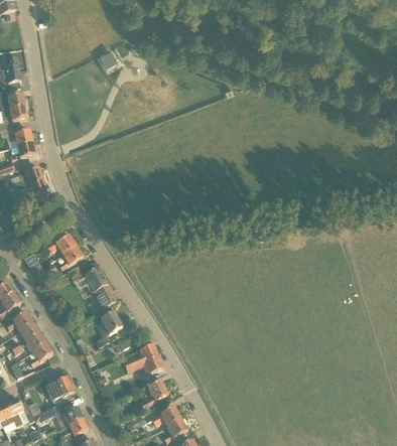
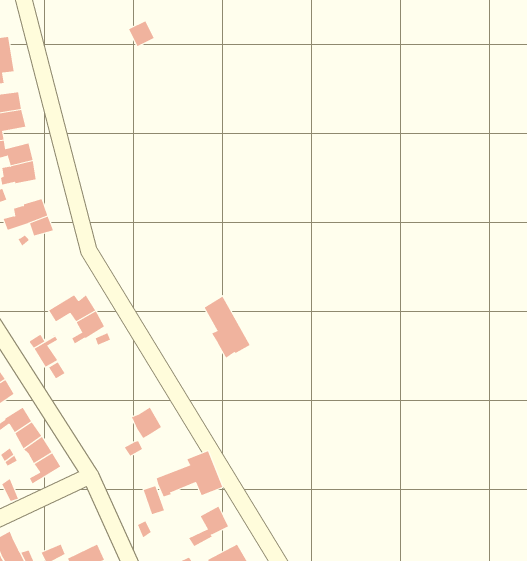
building: [85,267,117,310] -> [204,296,250,358]
building: [45,376,75,406] -> none

